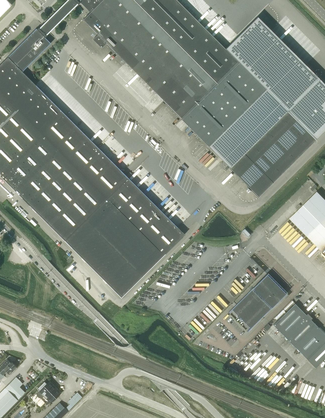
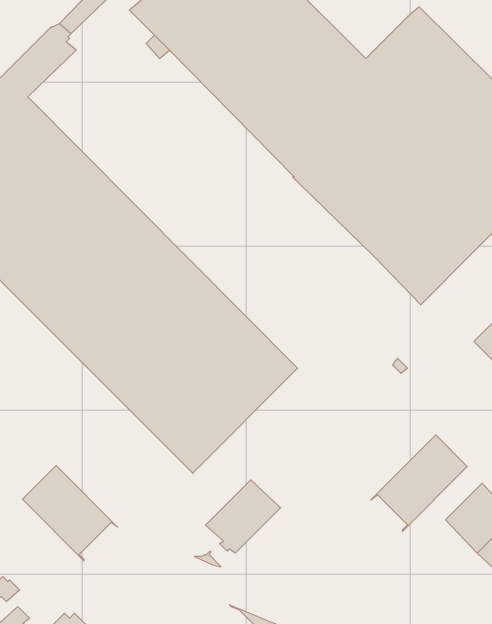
building: none -> [22,466,118,561]
building: none -> [205,480,281,553]

